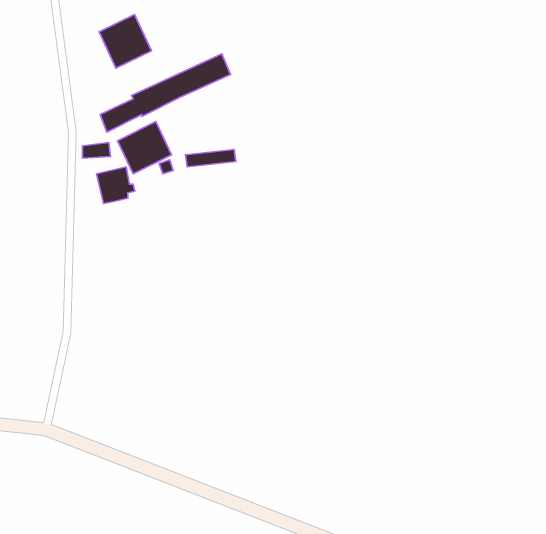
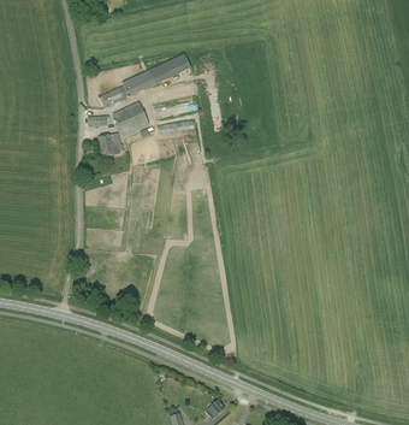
building: [99,15,151,68] -> none

